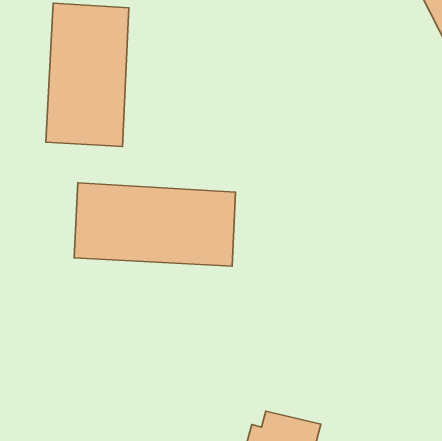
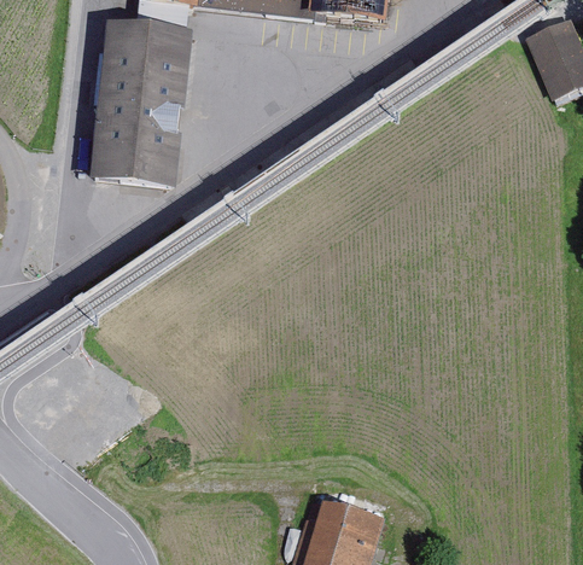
building: [74,183,236,266] -> none

